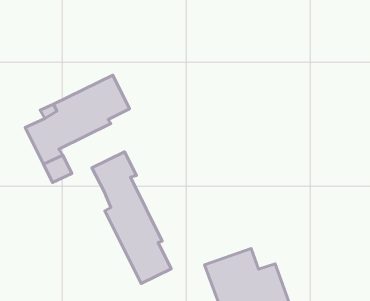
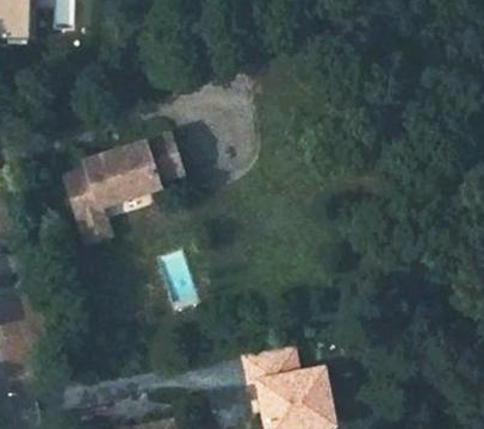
building: [92,152,171,284] -> none

